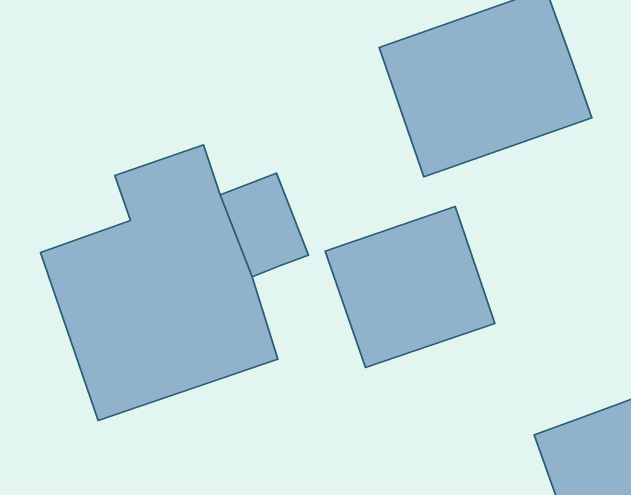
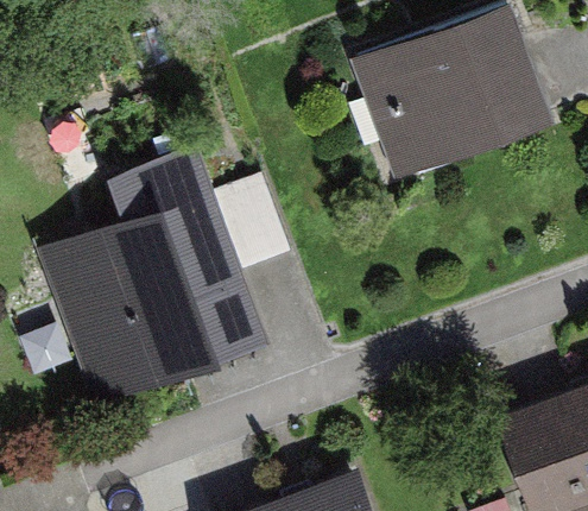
building: [325,207,495,367] -> none

